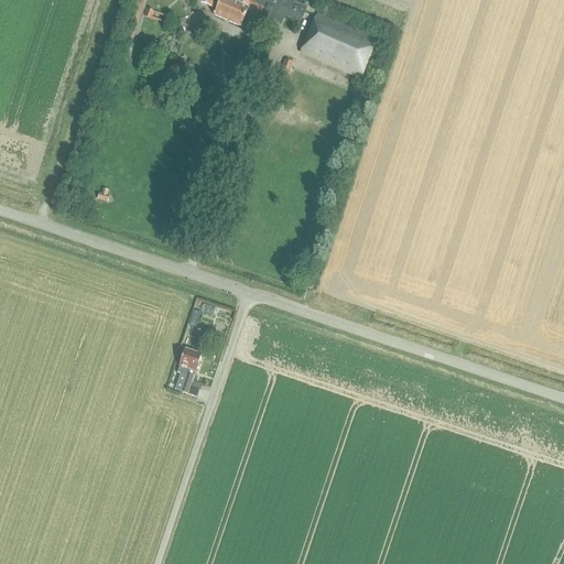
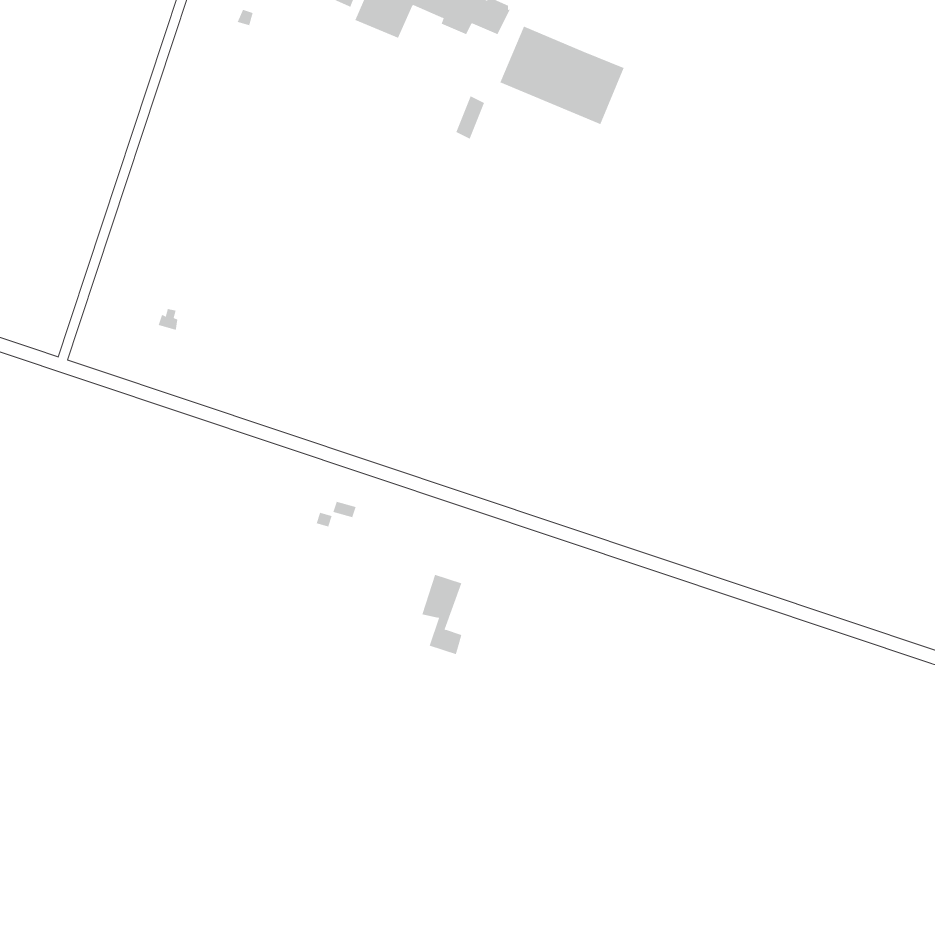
building: [175,345,199,393] -> [422,574,462,655]

